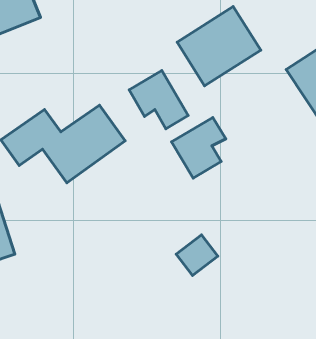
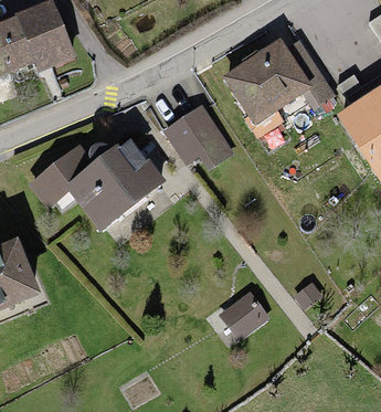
building: [172,118,226,178] -> none

